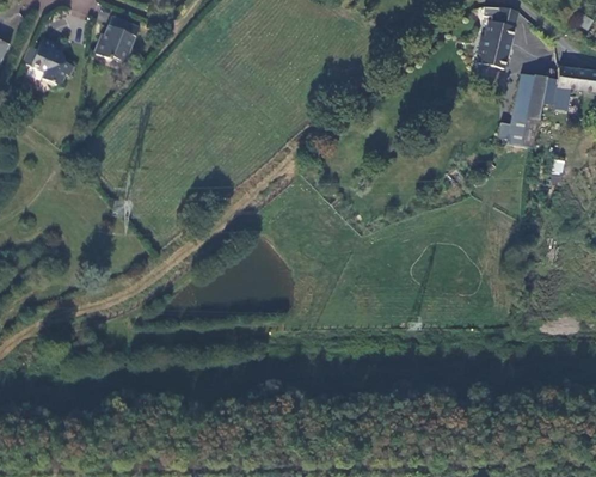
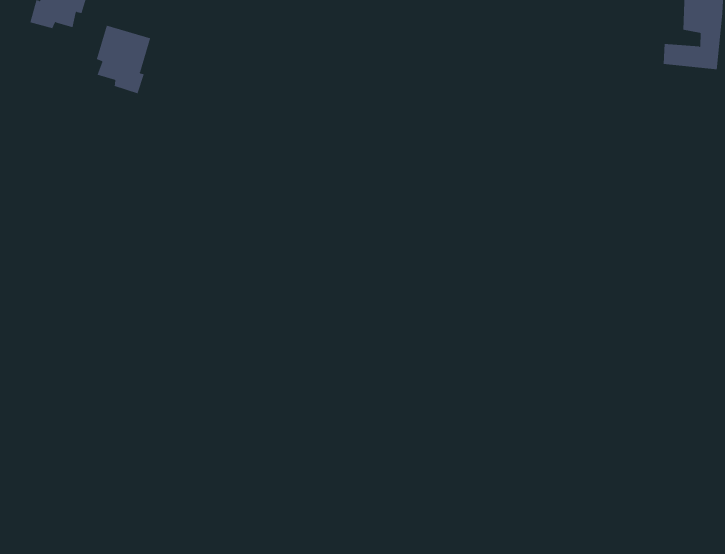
building: none -> [96,25,151,94]

